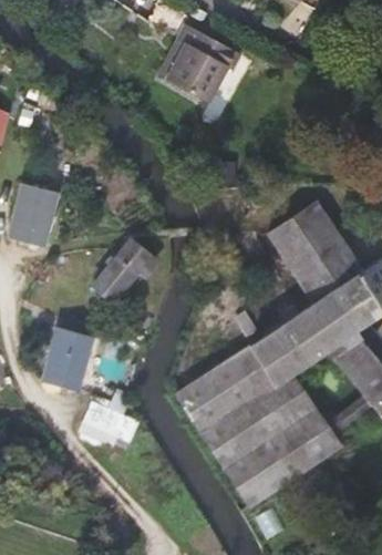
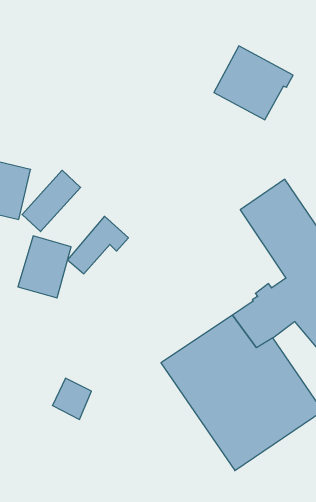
building: [173,34,254,110] -> [214,46,293,120]
building: none -> [22,170,81,232]
building: [32,325,86,388] -> [18,236,71,298]

